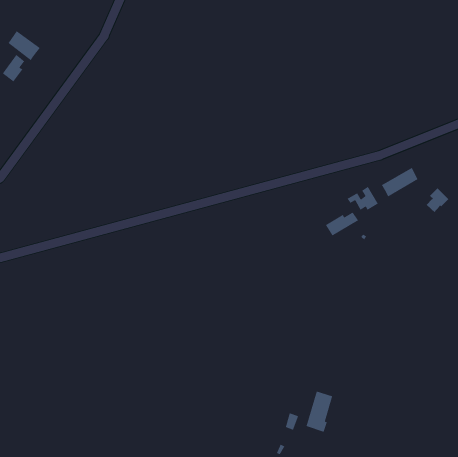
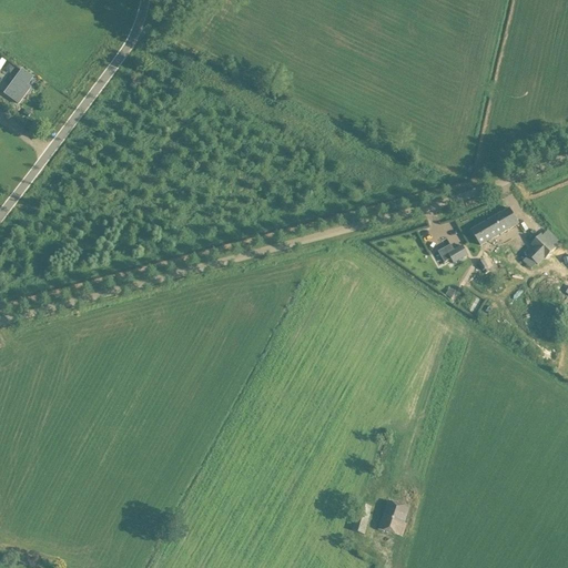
building: [8,30,41,61] -> none
building: [325,212,359,237] -> none

